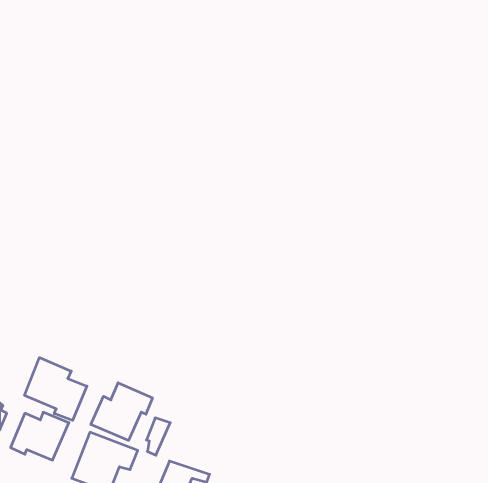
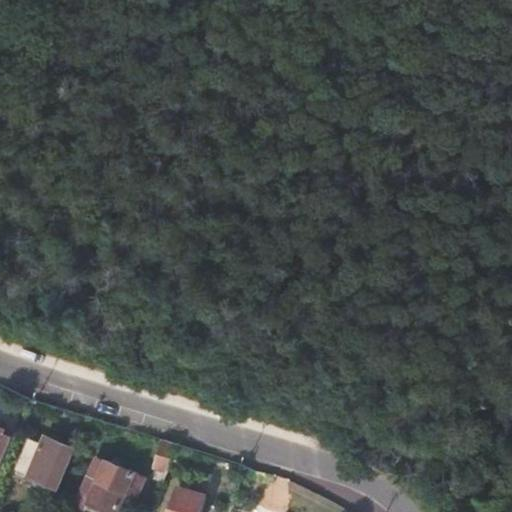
building: [25,358,87,420] -> none
building: [91,383,152,440] -> none

